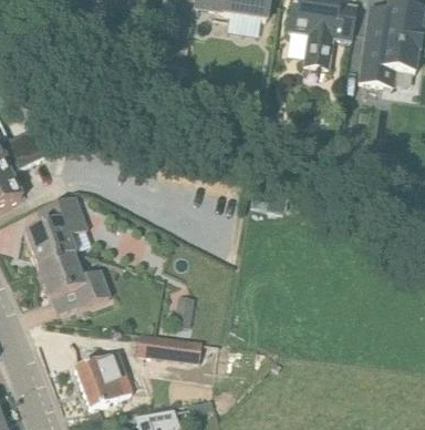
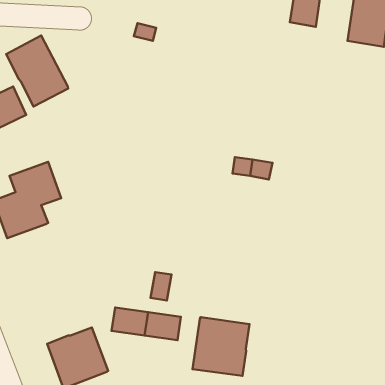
building: none -> [6,35,68,106]
building: [38,254,111,307] -> none
building: none -> [193,317,249,376]

